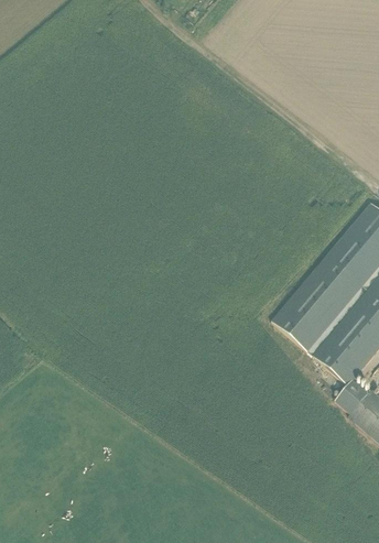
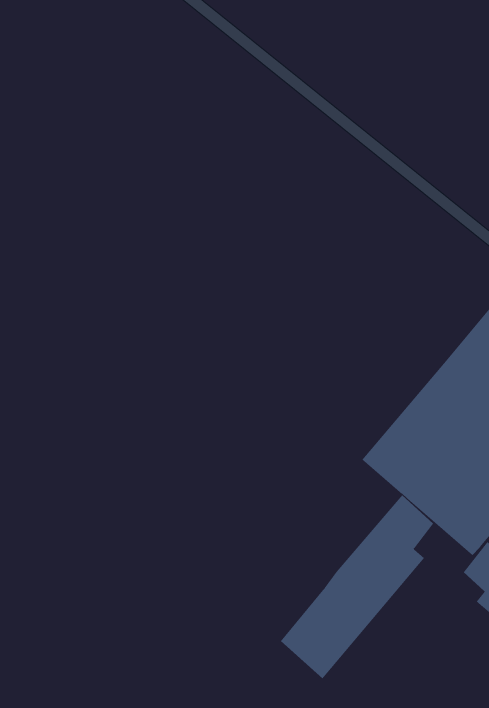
building: none -> [280,494,434,679]

